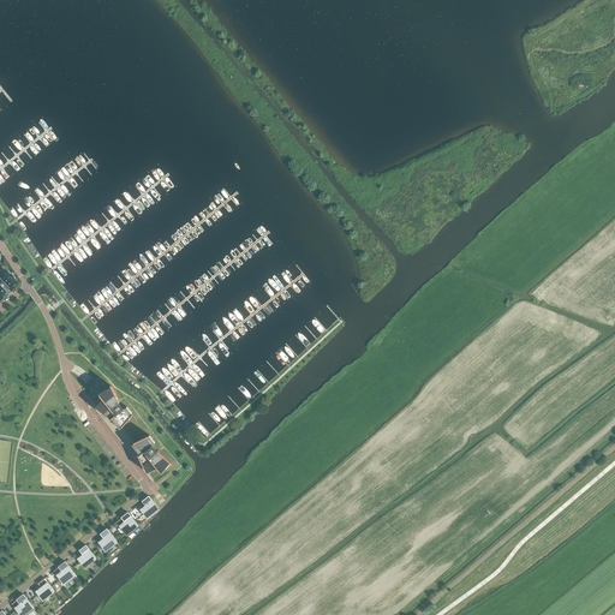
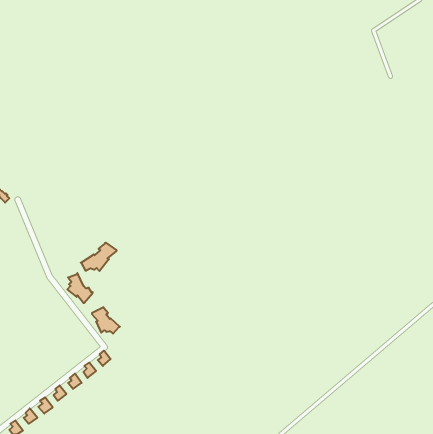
building: none -> [81,243,117,271]

